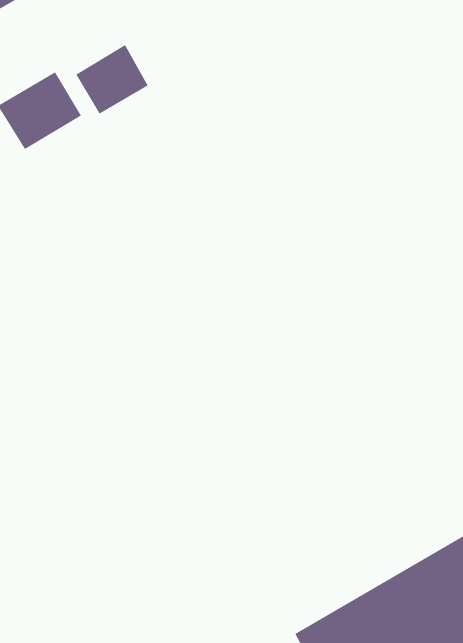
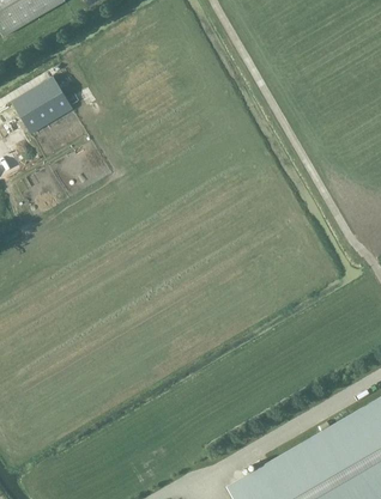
building: [75,44,148,114] -> none

